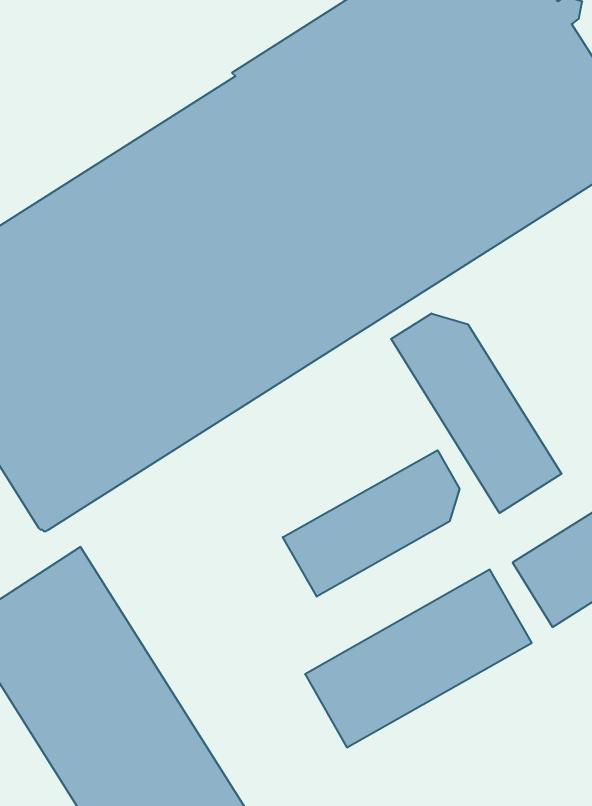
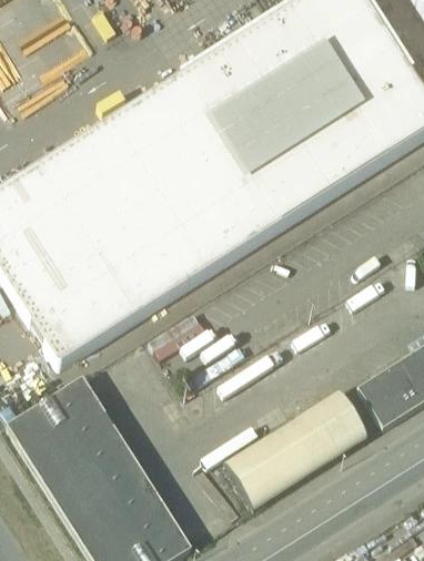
building: [391,313,562,513] -> none
building: [283,450,459,597] -> none

